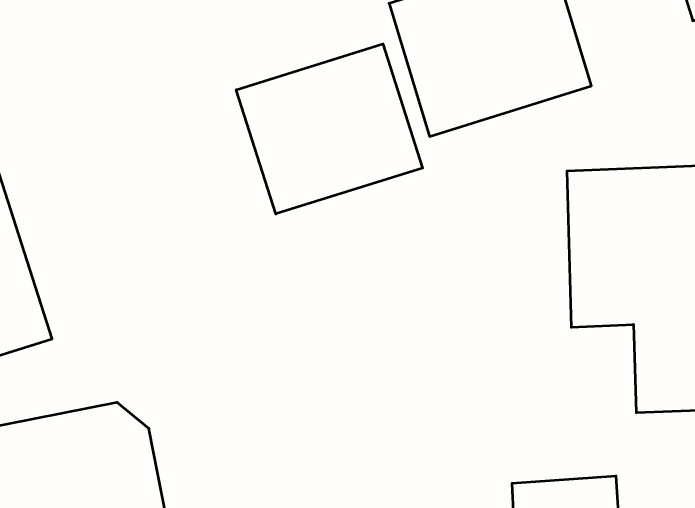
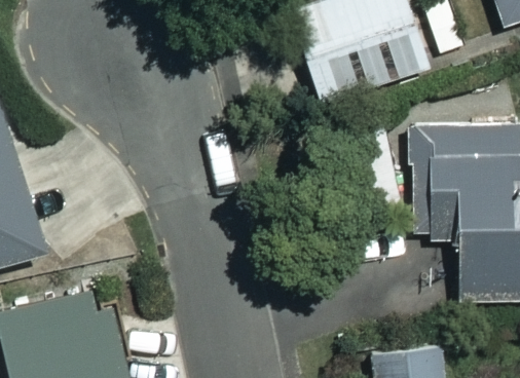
building: [236,44,423,214] -> none

